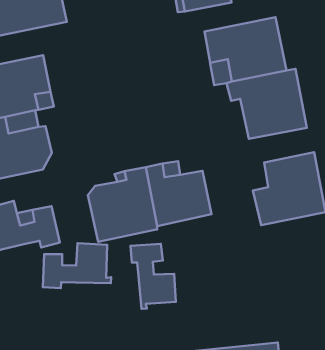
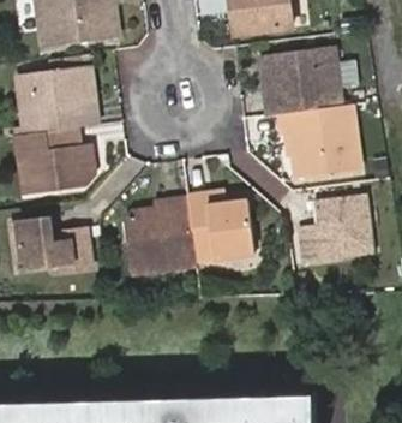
building: [43,243,111,288] -> none
building: [131,244,176,309] -> none

